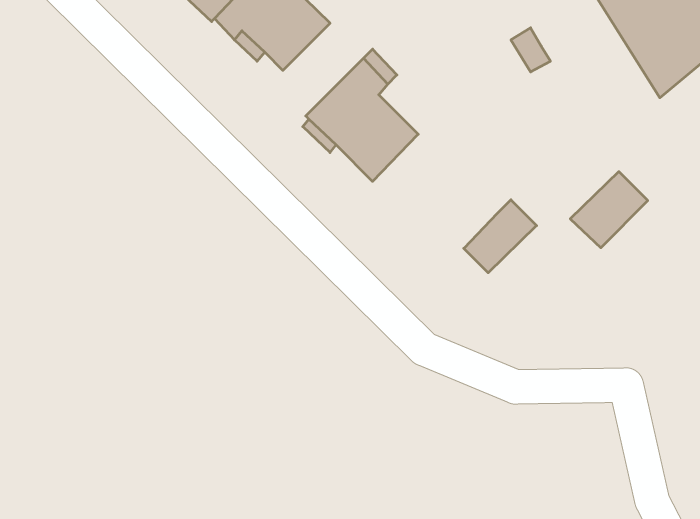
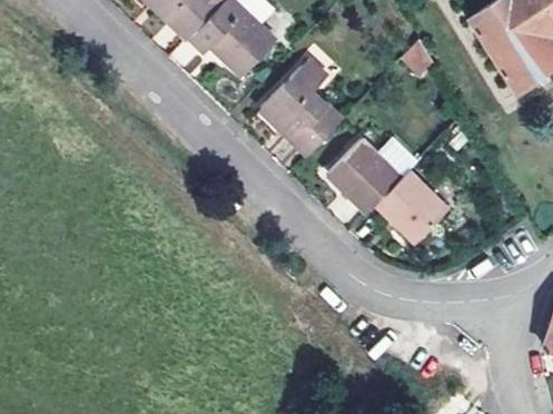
building: none -> [326,139,399,213]
building: [570,172,648,248] -> [393,187,450,243]

